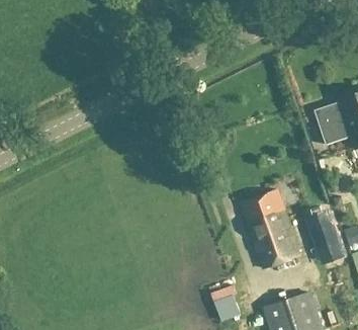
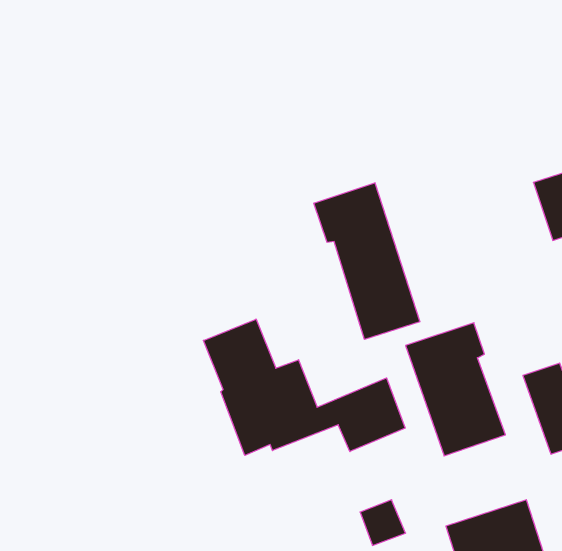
building: none -> [314,183,420,339]
building: none -> [203,319,405,455]

